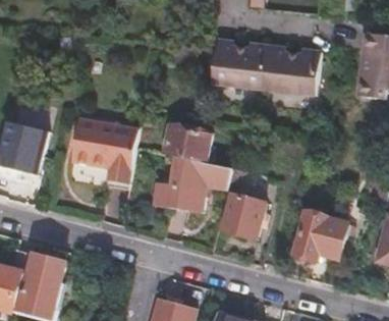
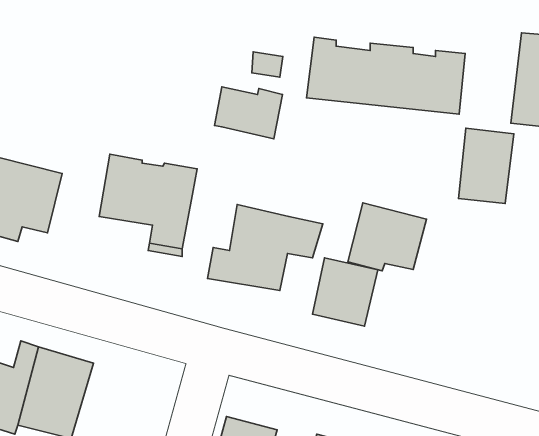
building: none -> [459,128,514,203]
building: [162,126,209,162] -> [215,87,283,139]
building: [295,213,349,260] -> [348,203,426,271]

